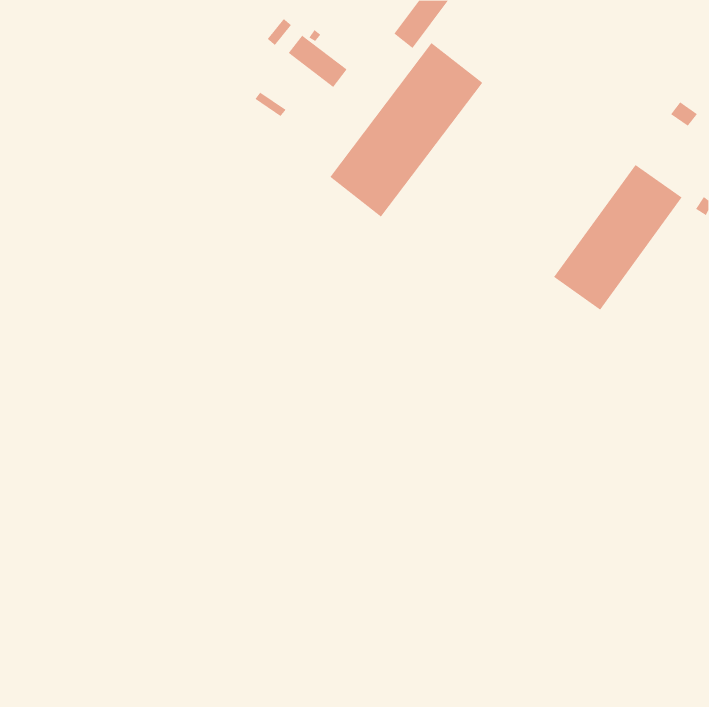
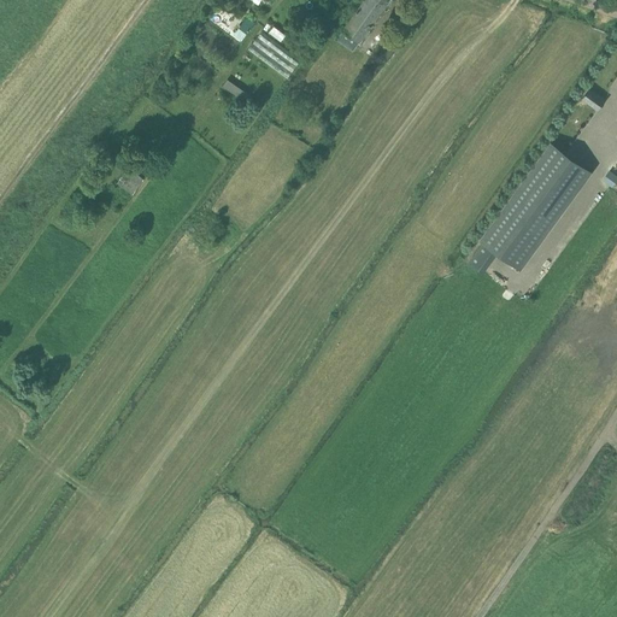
building: [330,42,483,217] -> none

